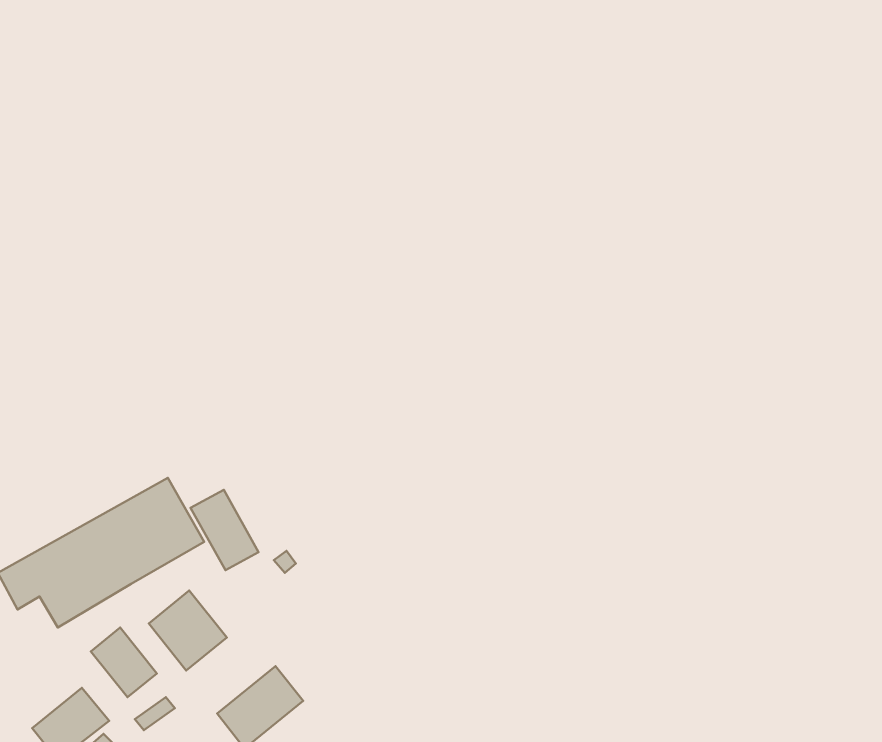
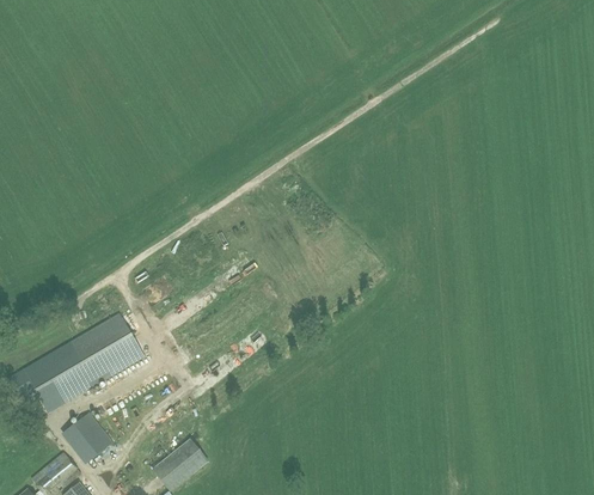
building: [191,490,259,570] -> none
building: [149,590,227,670] -> none

